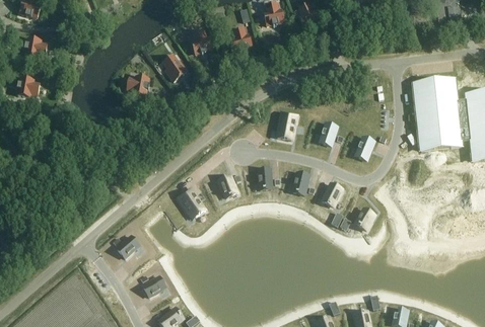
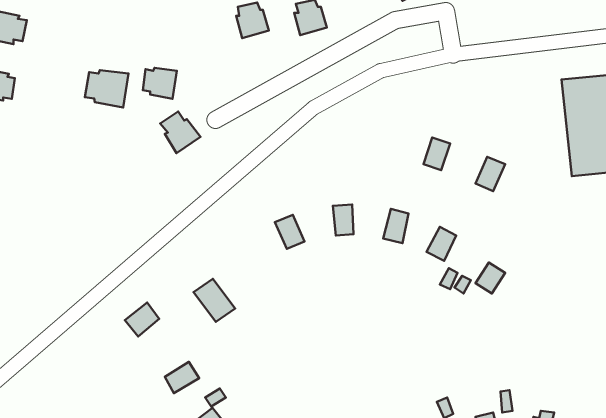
building: [161,54,189,82] -> [160,112,200,153]
building: none -> [85,70,128,107]
building: [276,111,296,140] -> none
building: [177,188,205,218] -> [194,279,235,322]

